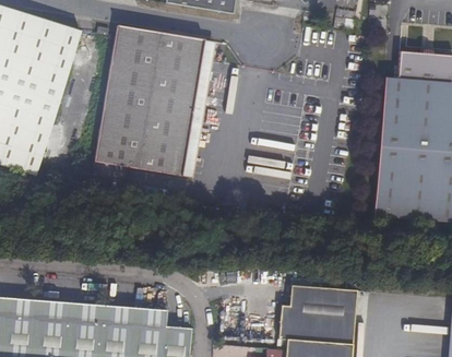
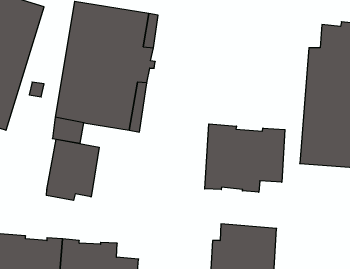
building: none -> [205,124,285,192]
building: none -> [46,139,99,200]

